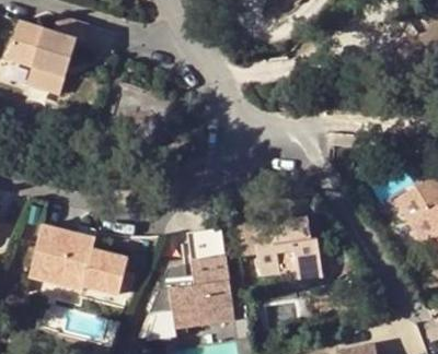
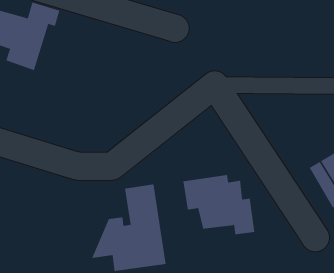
building: [42,221,128,302] -> none

